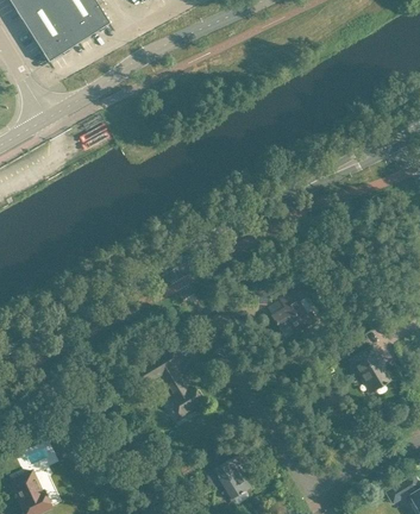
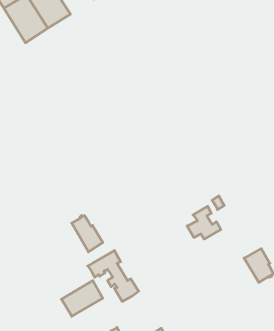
building: none -> [72,215,103,252]
building: none -> [61,281,103,316]

